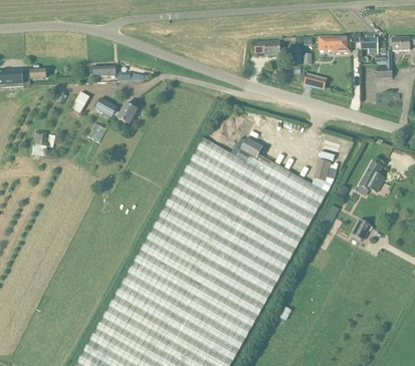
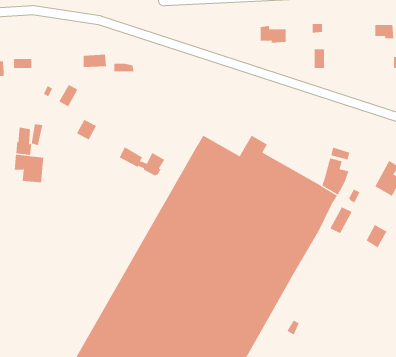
building: [323,35,352,52] -> none
building: [95,97,138,124] -> [119,147,165,176]
building: none -> [14,154,44,183]

